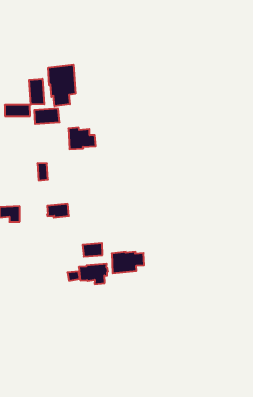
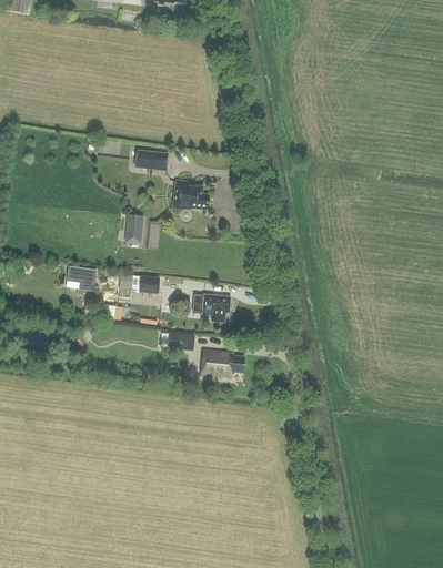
building: [48,65,75,106] -> none
building: [29,79,44,105] -> none
building: [79,264,108,284] -> [193,294,231,321]

